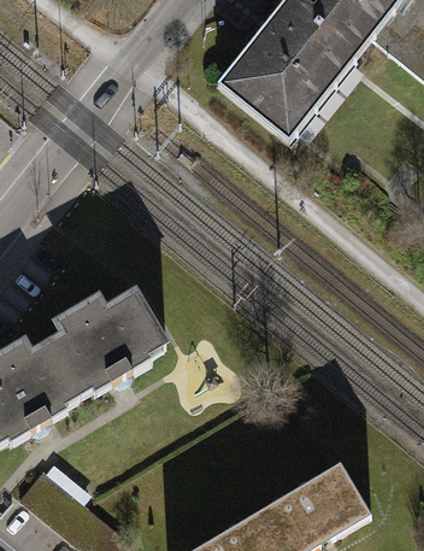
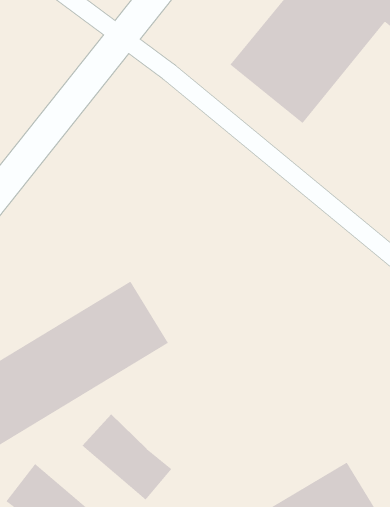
building: none -> [81,414,172,500]

